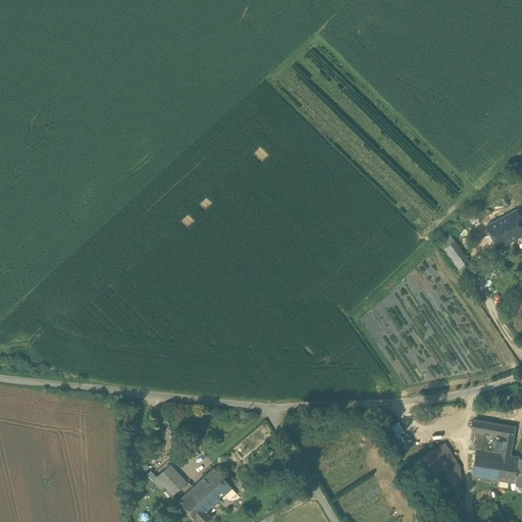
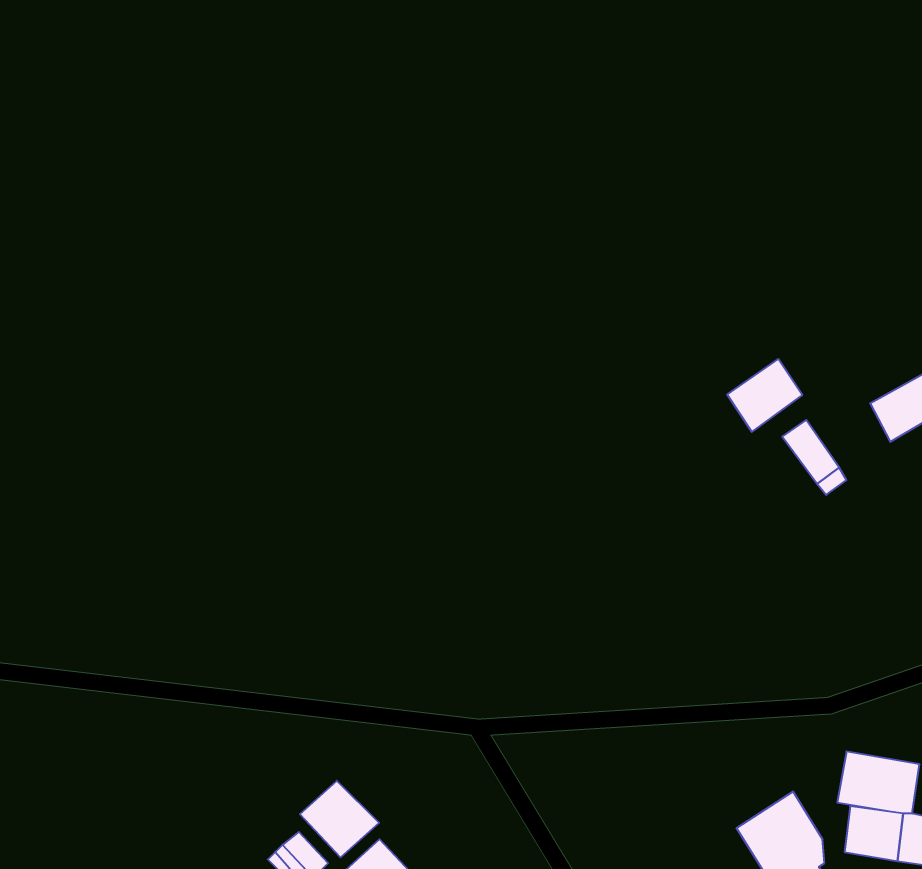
building: none -> [727,359,802,432]
building: none -> [300,781,379,857]

